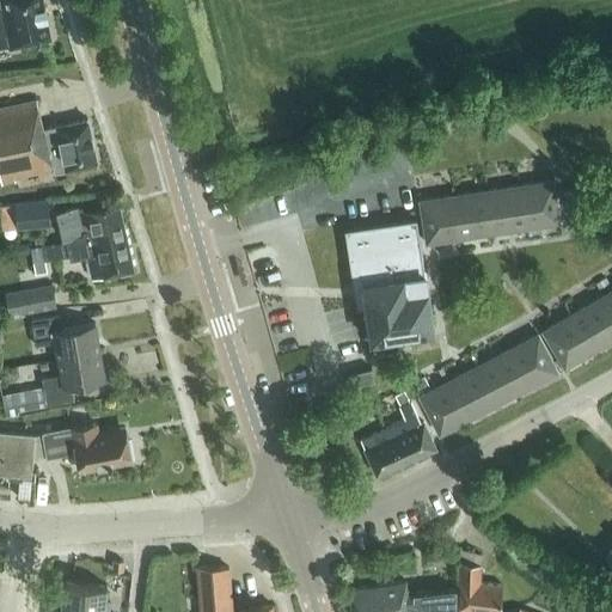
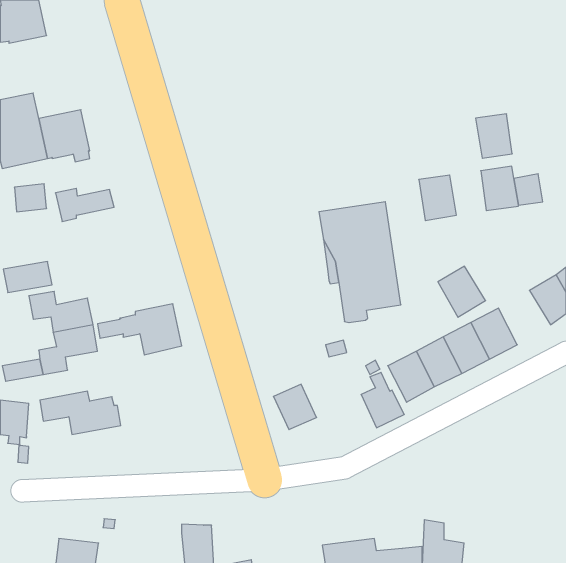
building: [485,188,525,235] -> [476,114,512,158]
building: [418,197,459,246] -> none
building: [42,227,133,282] -> [98,304,182,355]
building: [543,317,594,372] -> [438,266,486,317]
building: [360,429,406,478] -> [273,384,317,430]

